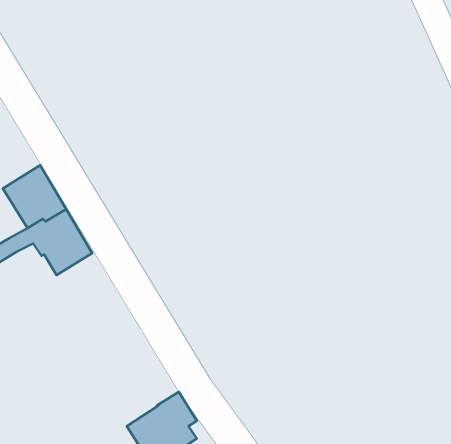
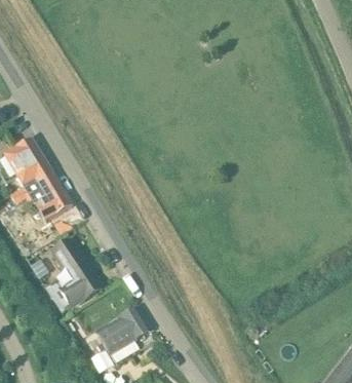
building: none -> [52,240,101,307]

